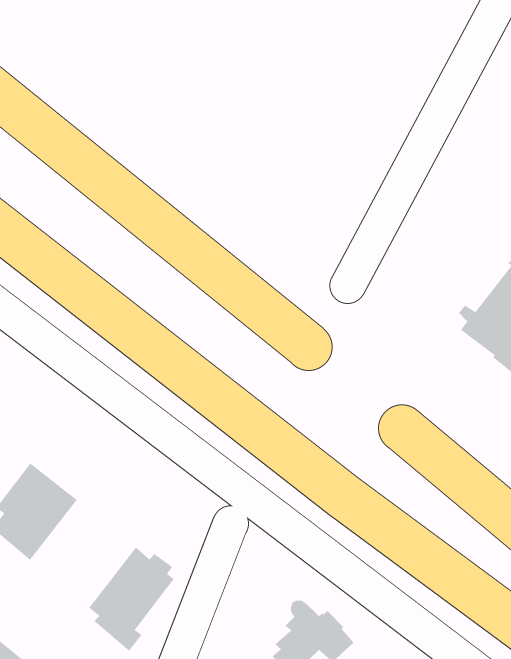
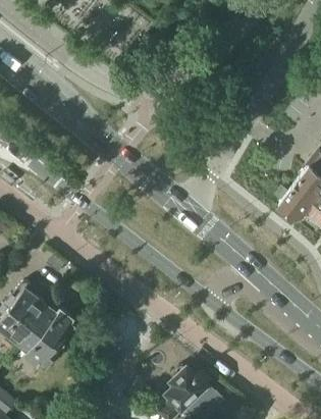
building: [88,547,175,652] -> [20,307,72,370]

